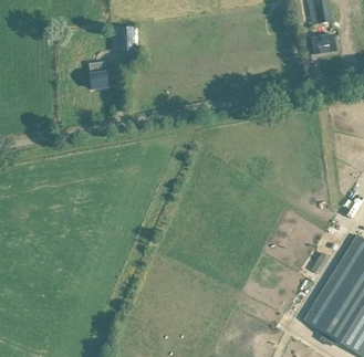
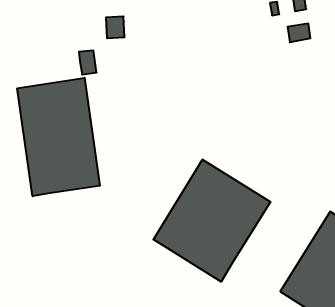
building: none -> [17,78,100,196]
building: none -> [153,159,270,282]

